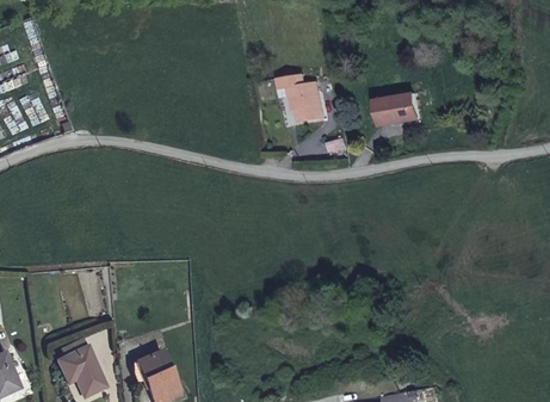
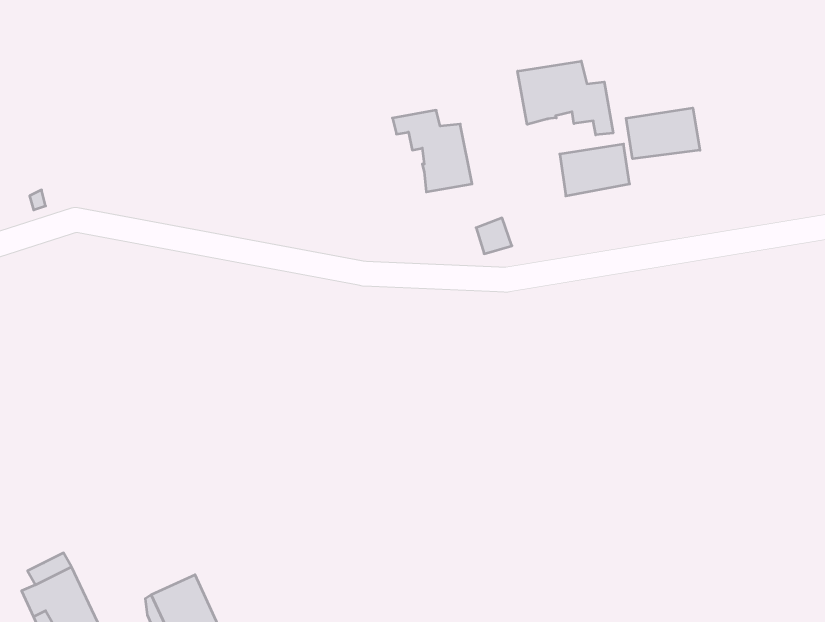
building: none -> [518,61,613,135]
building: none -> [626,108,700,159]

